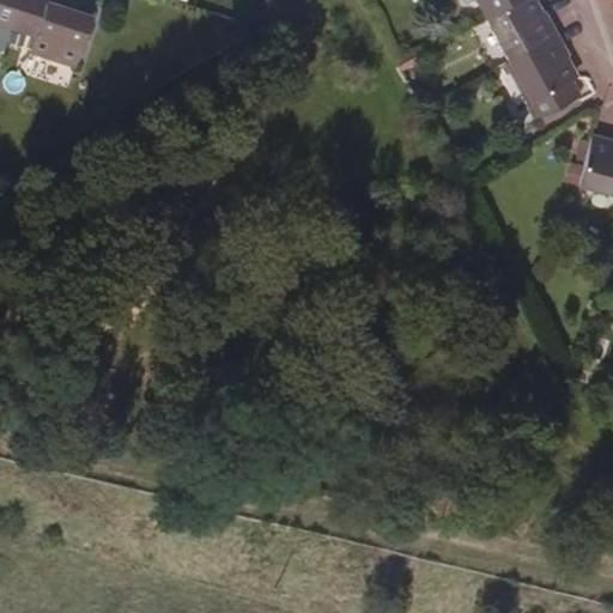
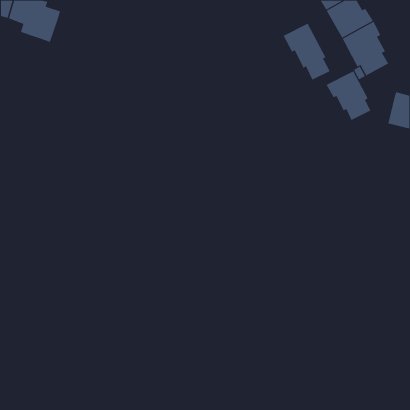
building: none -> [283,23,330,81]
building: none -> [326,71,371,121]

